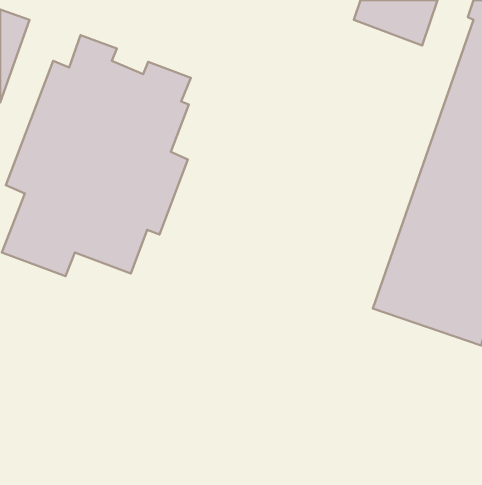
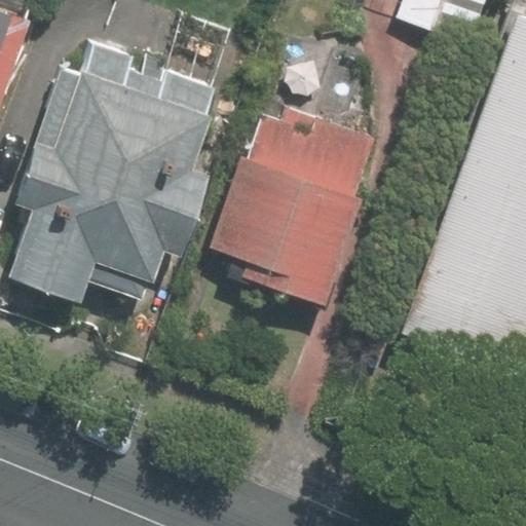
building: none -> [213,105,373,305]

